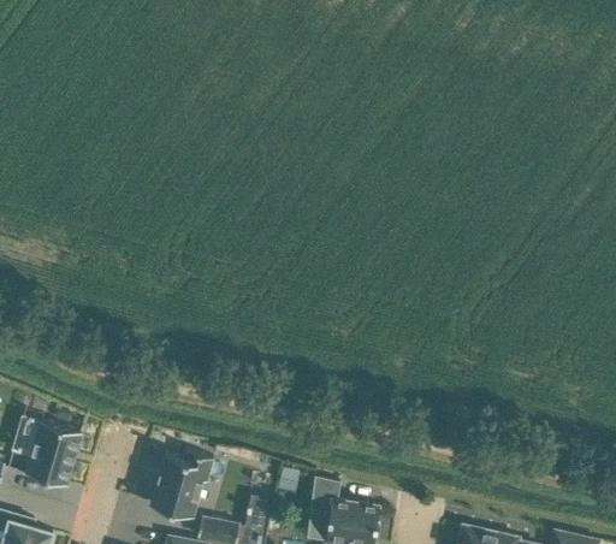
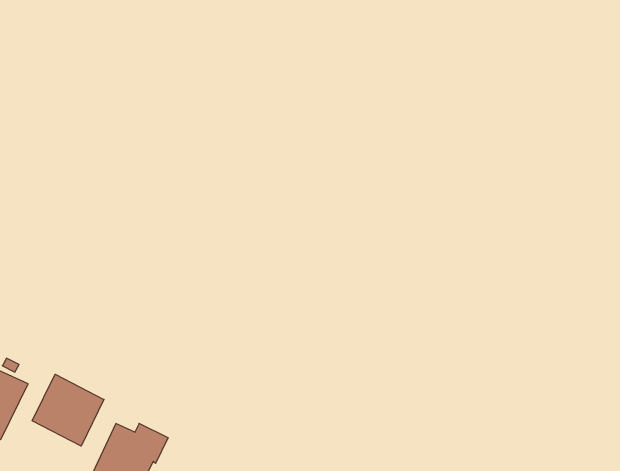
building: none -> [32,374,104,446]

